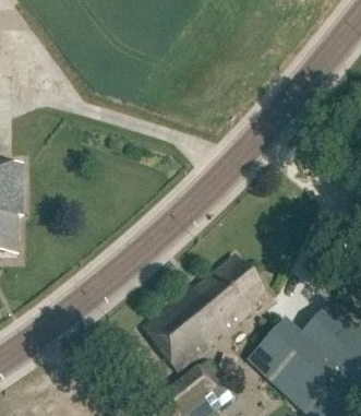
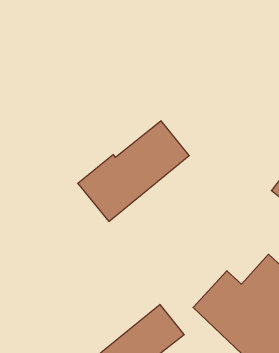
building: [141,255,266,369] -> [78,121,189,221]

